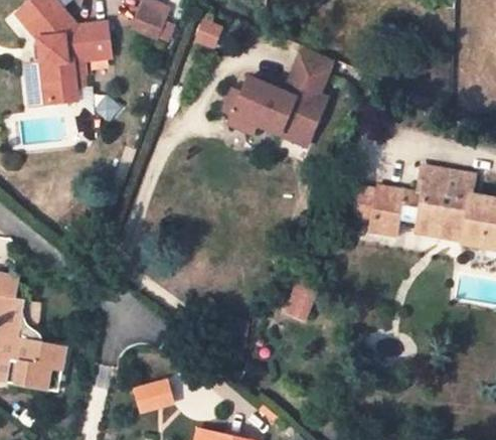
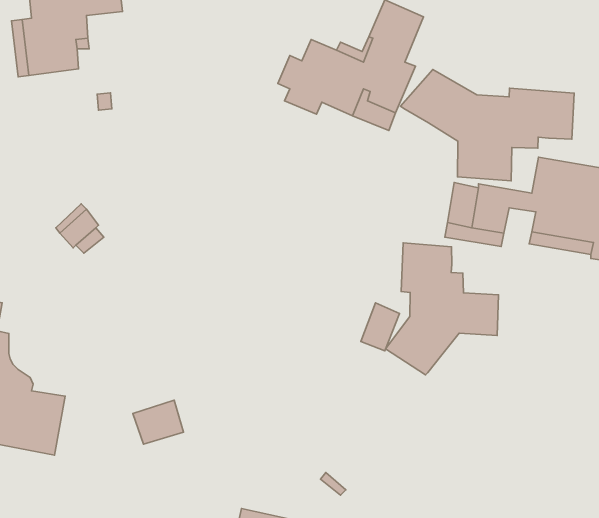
building: none -> [401,70,574,181]
building: none -> [386,243,499,375]
building: [137,380,175,413] -> [133,400,183,444]

